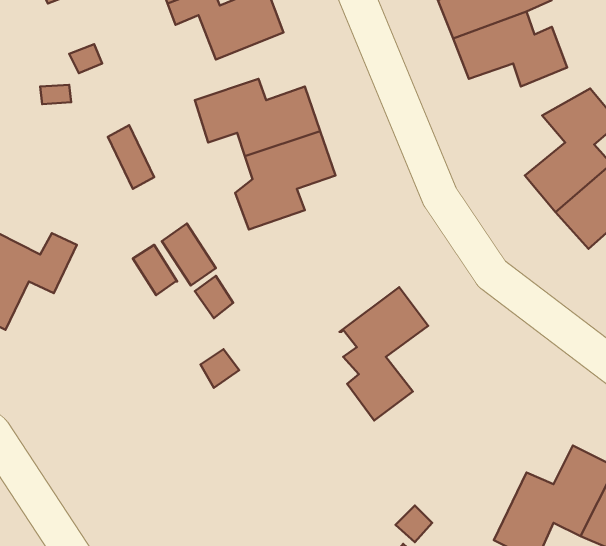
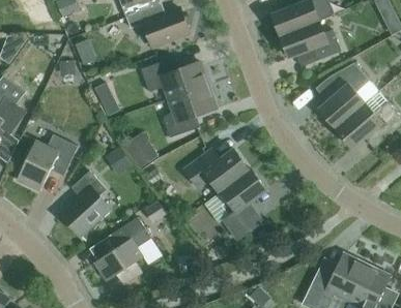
building: none -> [183,149,251,192]
building: none -> [60,171,110,236]
building: none -> [94,217,151,284]

